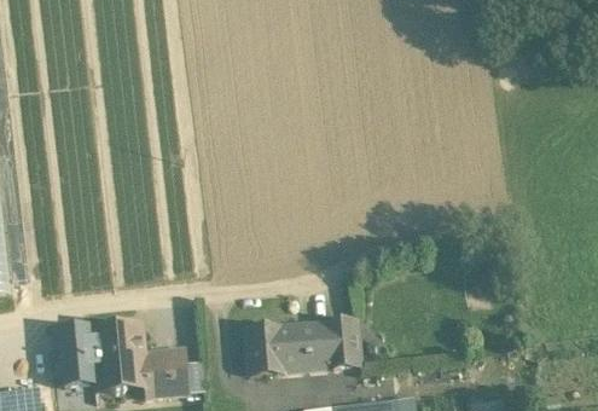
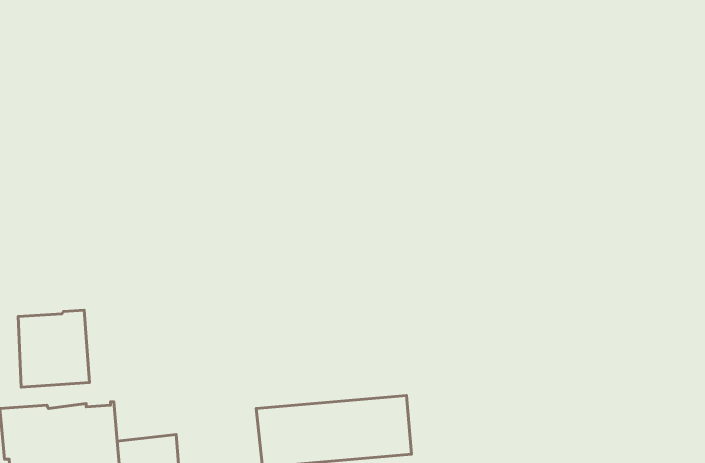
building: none -> [18,310,89,387]

